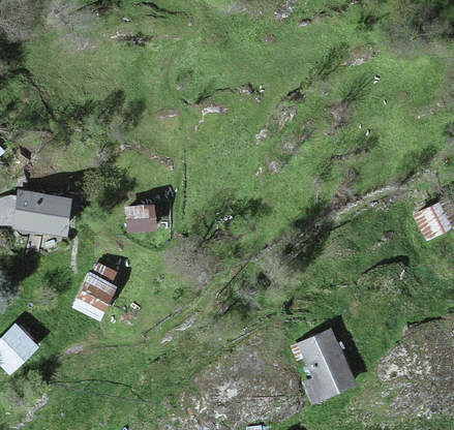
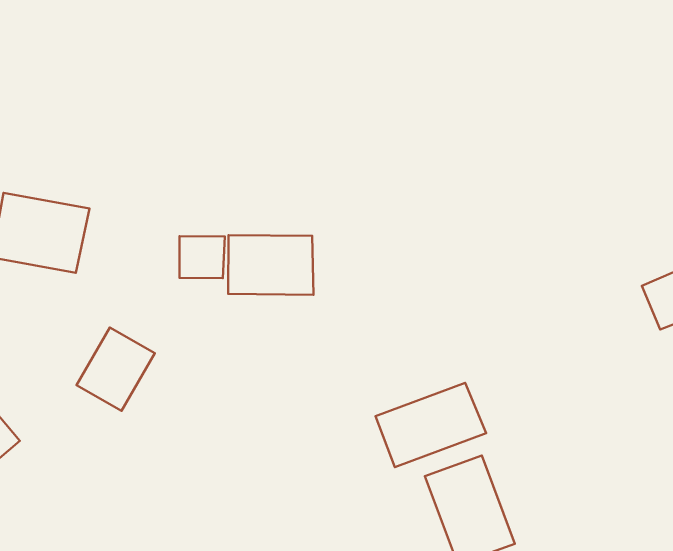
building: none -> [228,235,314,295]
building: none -> [376,383,486,467]

